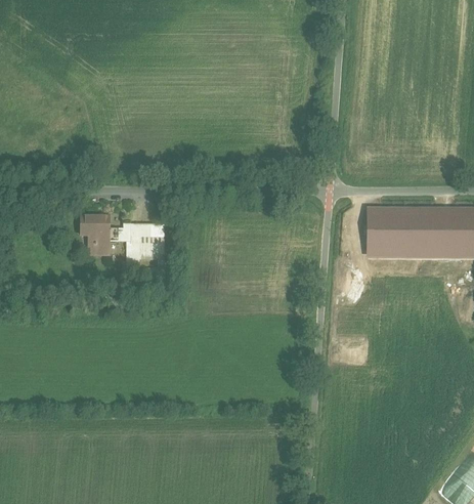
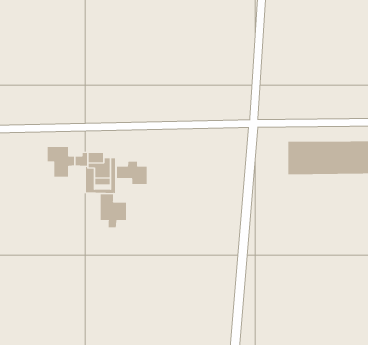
building: none -> [116,161,147,185]
building: none -> [100,193,126,228]

